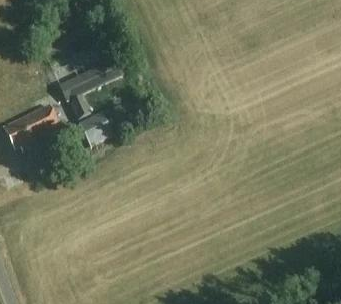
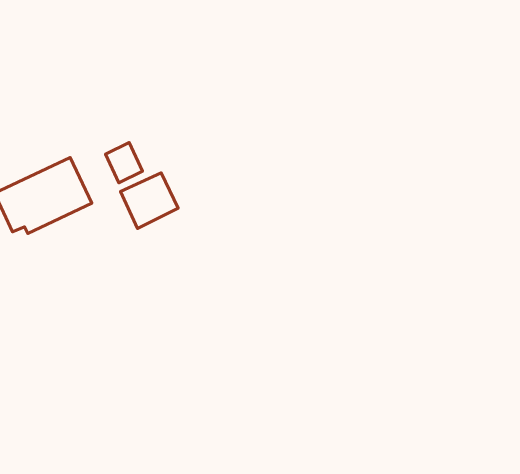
building: [59,58,124,101] -> none

